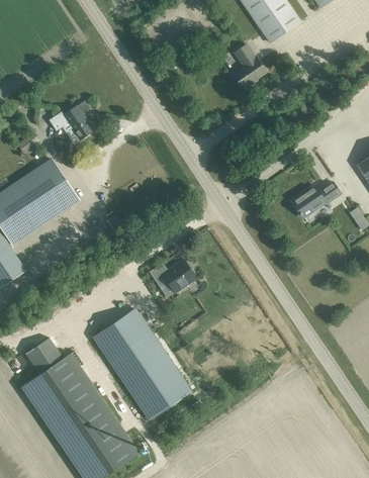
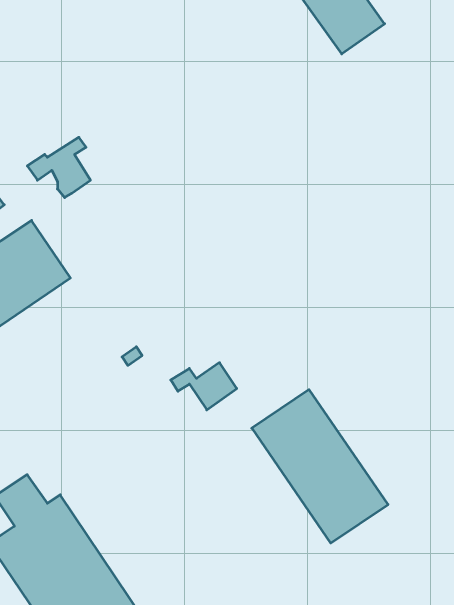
building: [233,43,266,89] -> none
building: [293,181,341,216] -> none
building: [94,309,190,417] -> [252,390,388,543]

